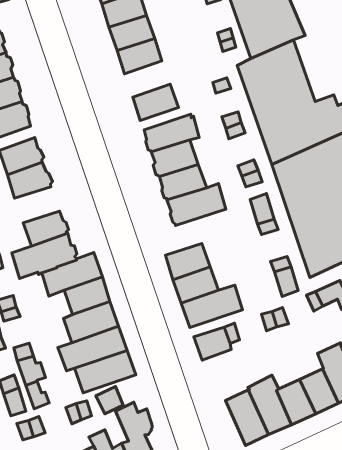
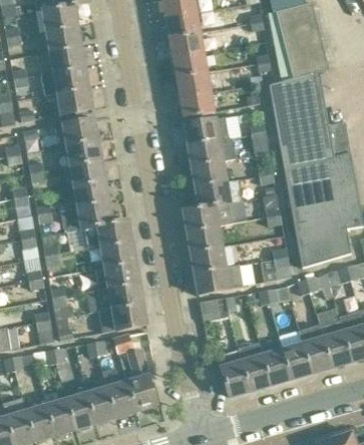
building: none -> [175,72,212,98]
building: none -> [70,161,106,187]
building: none -> [183,201,245,232]

